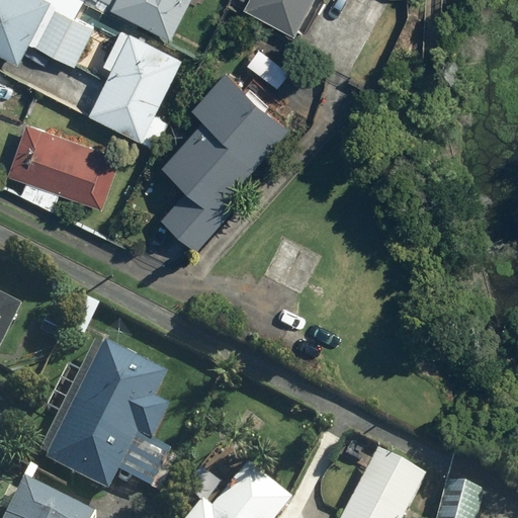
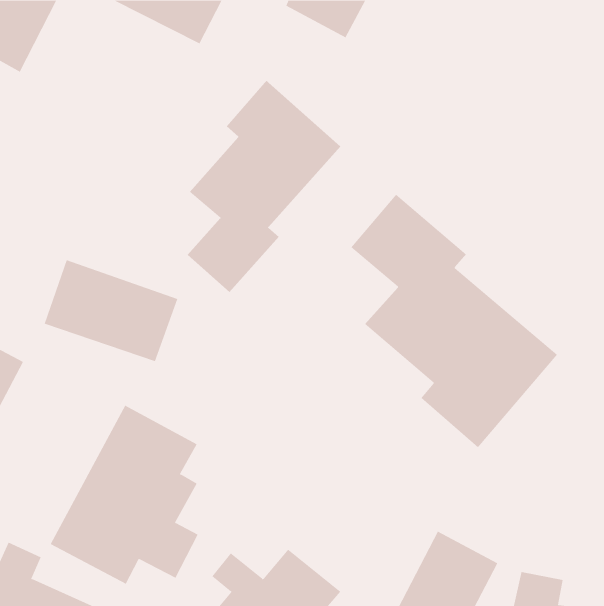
building: [32,7,93,66] -> none
building: [89,32,182,141] -> none
building: [6,121,120,208] -> [44,260,178,362]
building: none -> [350,194,558,448]

